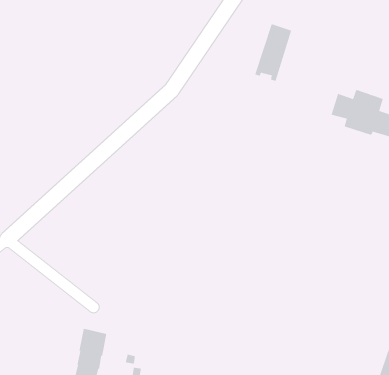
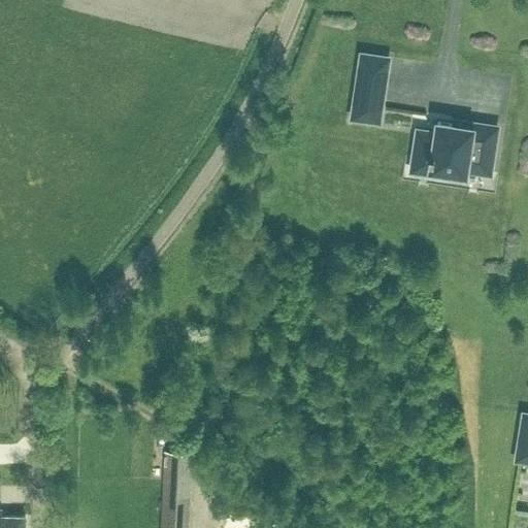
building: [254,23,292,82] -> [350,59,386,126]

